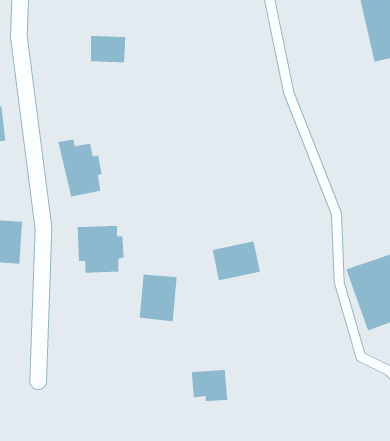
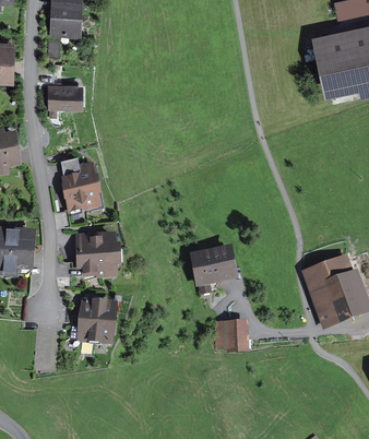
building: [90,36,126,63] -> [49,84,80,107]
building: [139,274,177,322] -> [79,301,111,342]
building: [191,369,228,402] -> [214,322,246,349]

